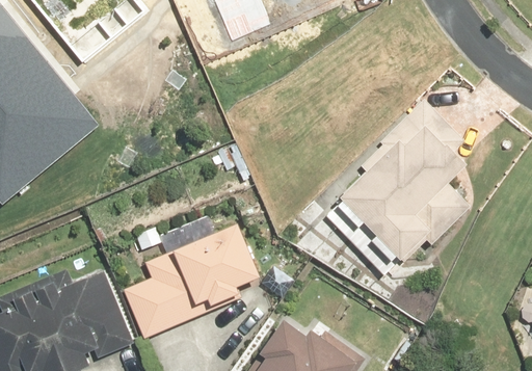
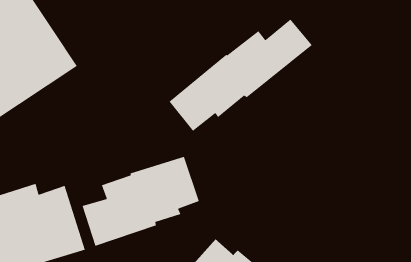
building: none -> [169,18,313,132]
building: [342,101,472,259] -> none

